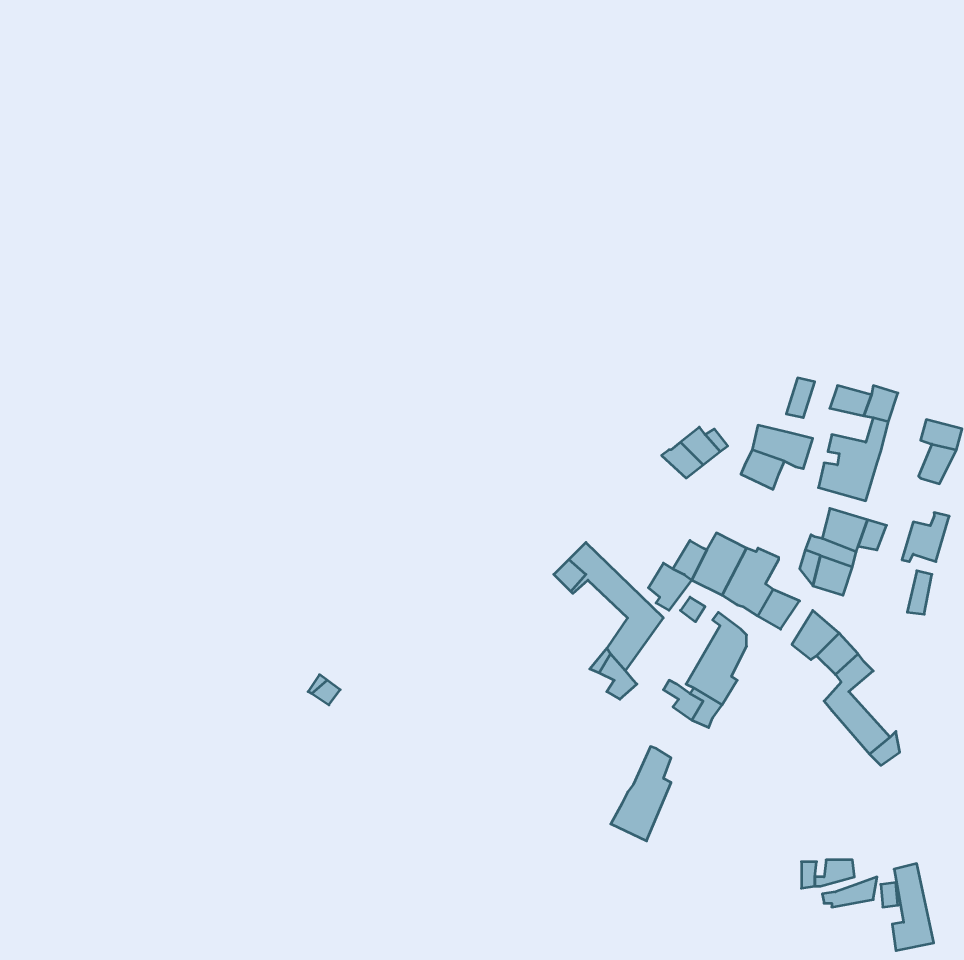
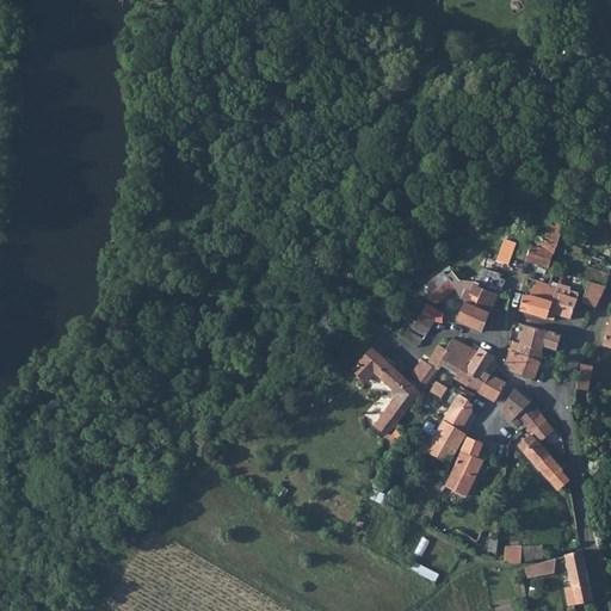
building: none -> [455,303,488,333]
building: none -> [400,307,446,347]
building: [902,513,949,562] -> [547,290,576,321]
building: [611,747,671,841] -> [443,437,481,496]

